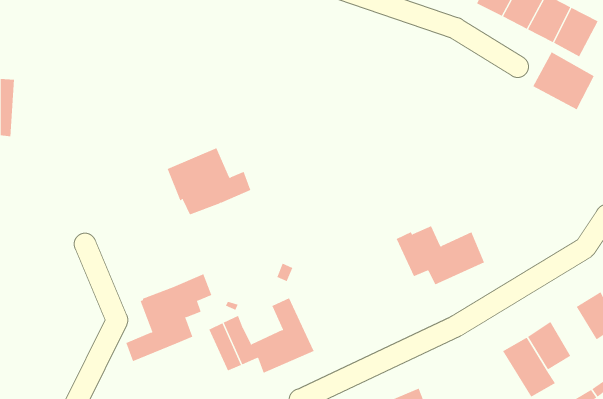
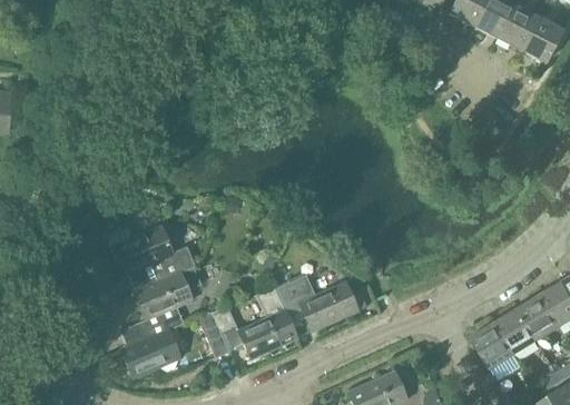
building: [532,51,595,110] -> none
building: [167,147,251,215] -> [116,225,195,288]
building: [396,226,485,285] -> [275,275,358,330]
building: none -> [520,296,562,342]
building: none -> [124,330,180,377]

